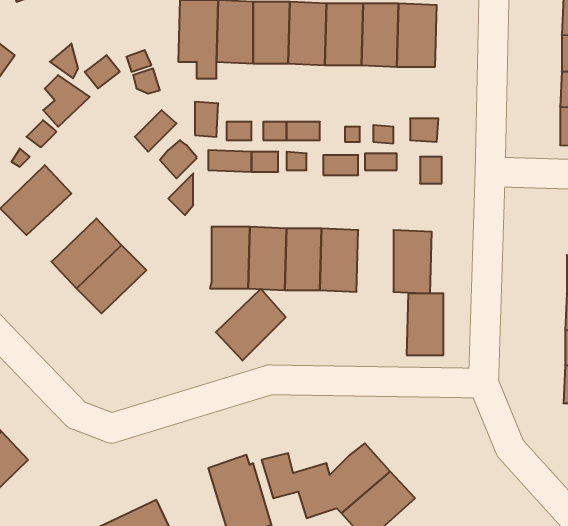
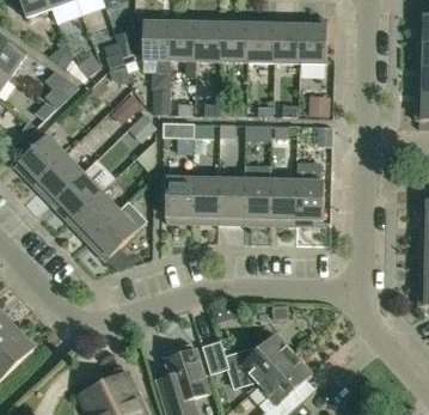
building: none -> [33,154,84,203]
building: [216,289,286,361] -> [87,209,137,261]
building: [407,293,443,355] -> [270,181,296,225]

